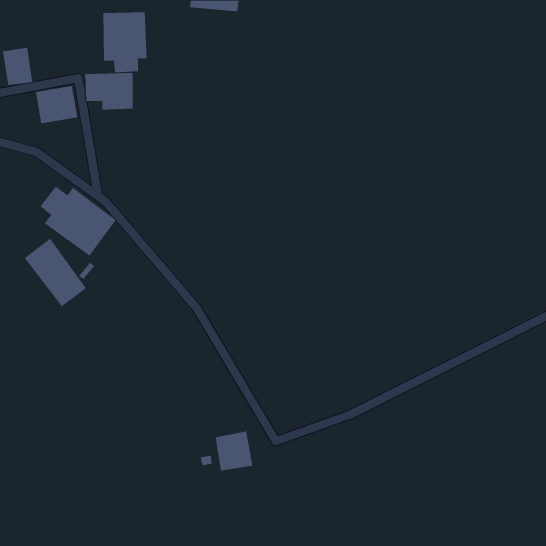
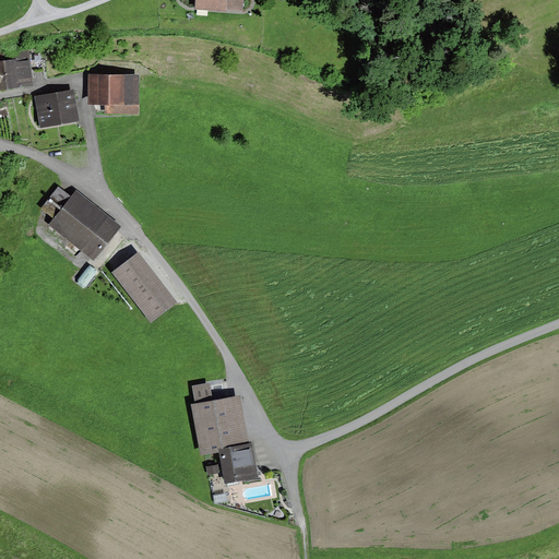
building: [103,11,147,73] -> none
building: [24,238,87,307] -> [110,253,175,324]
building: none -> [192,393,248,450]

